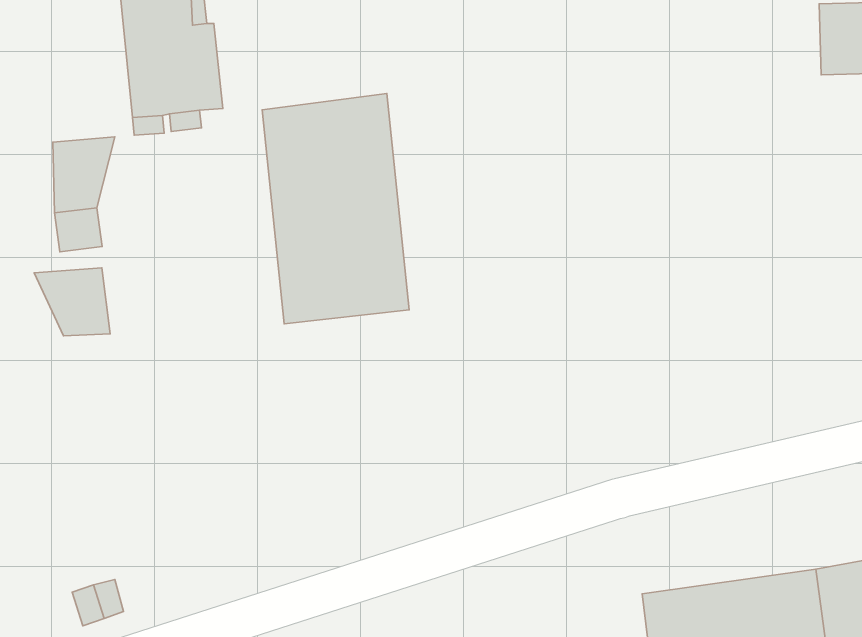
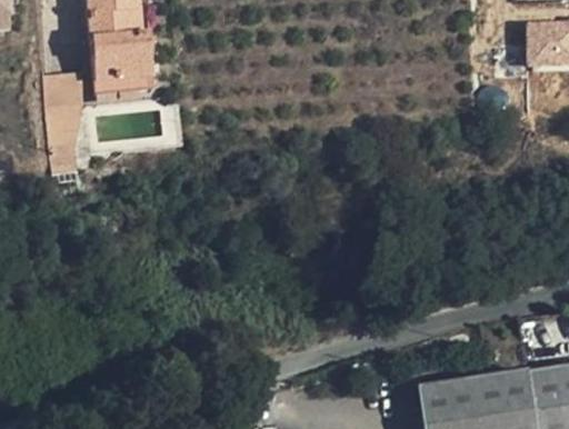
building: none -> [43,70,86,107]
building: [262,94,409,324] -> none
building: [34,268,110,336] -> none

